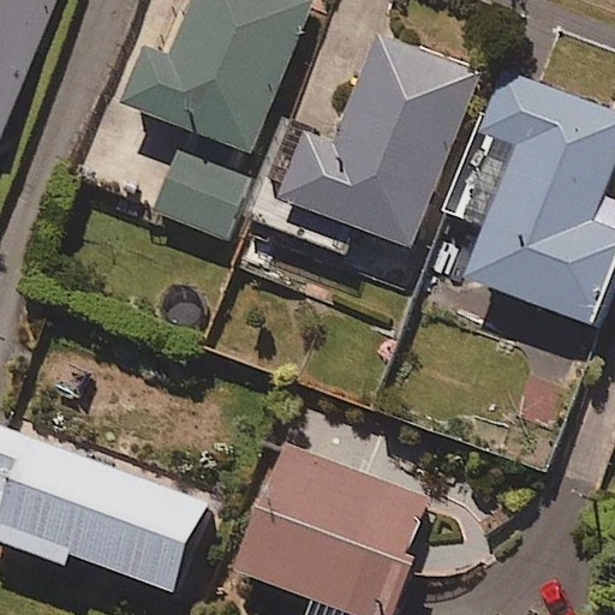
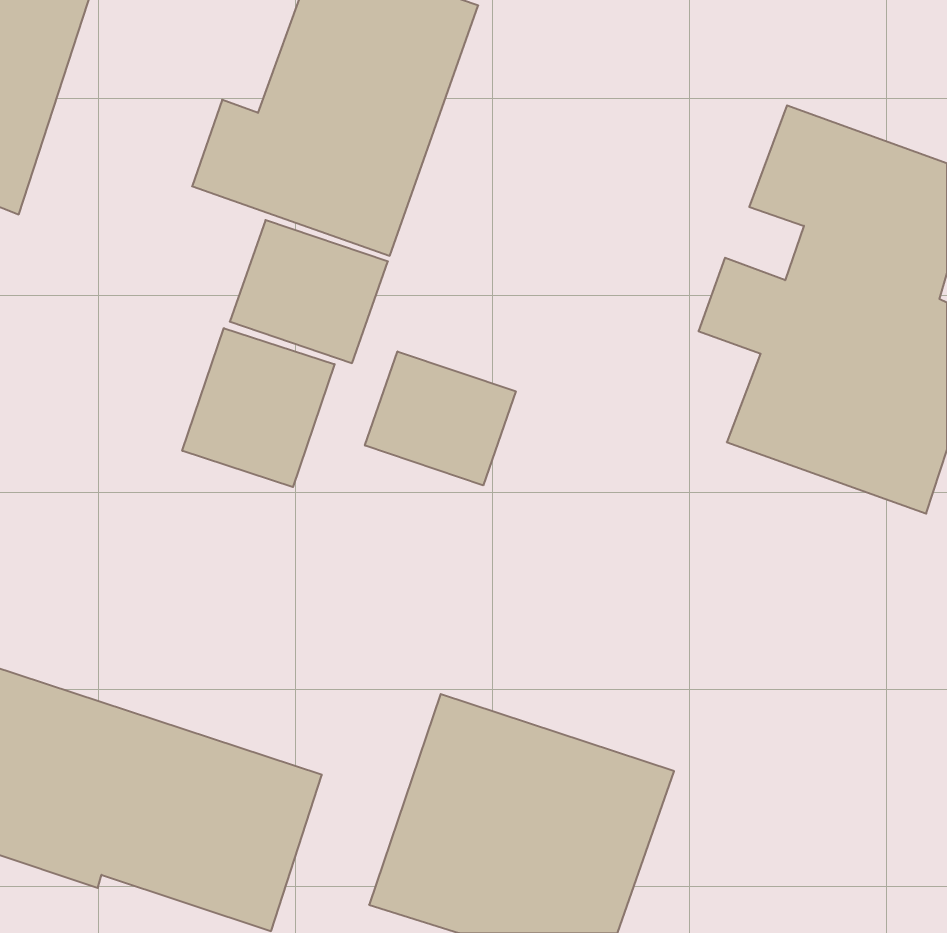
building: [280,29,474,251] -> none
building: none -> [182,328,335,487]
building: none -> [365,351,516,485]

